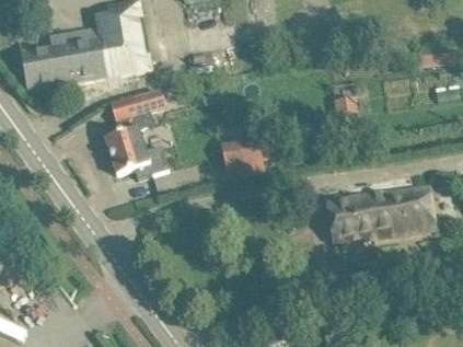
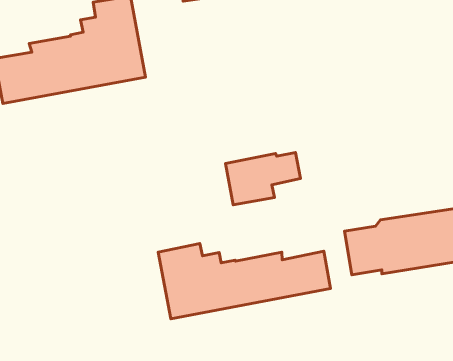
building: [106,91,169,180] -> none
building: none -> [158,244,330,319]

